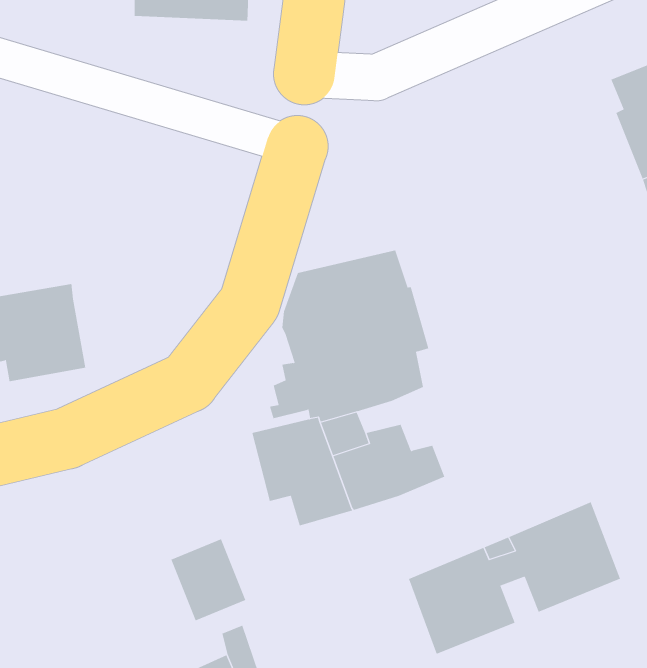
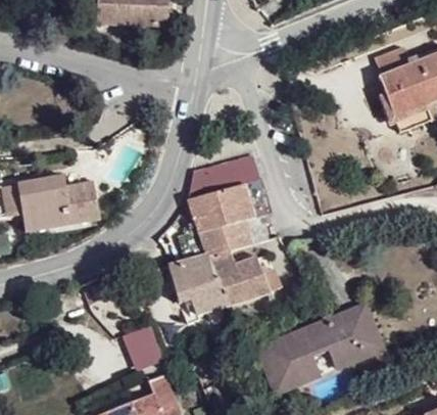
building: none -> [64,179,100,224]

